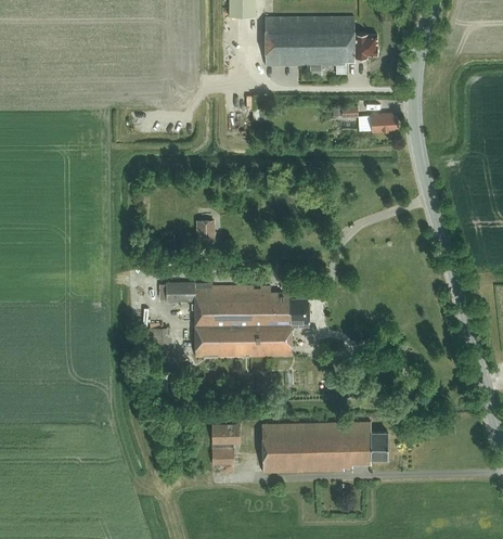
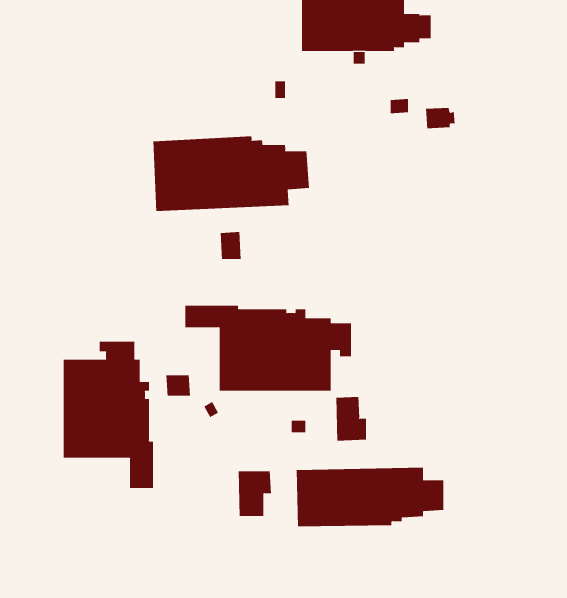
building: none -> [153,135,309,212]
building: none -> [63,341,153,489]
building: none -> [336,396,367,442]

